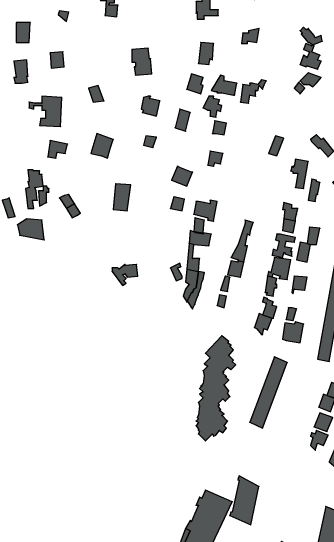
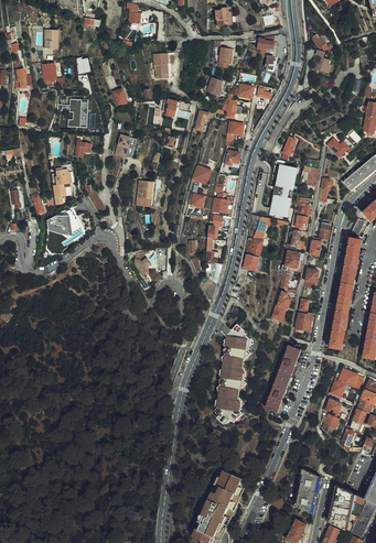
building: none -> [268,164,298,217]
building: [230,476,259,525] -> [293,468,321,514]

